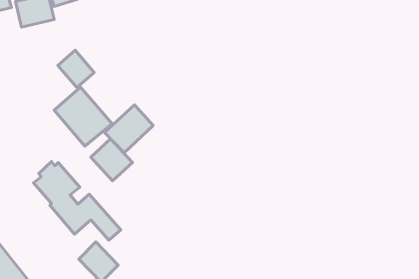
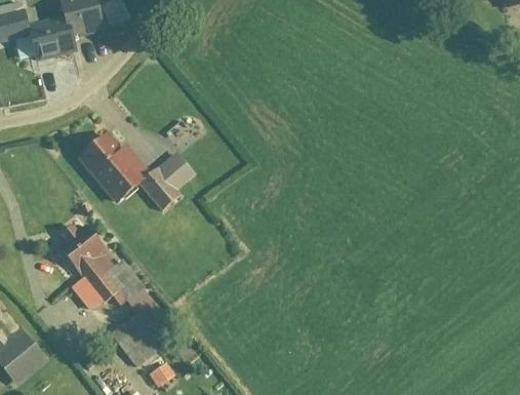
building: [58,50,94,88] -> none
building: [91,139,132,181] -> none

